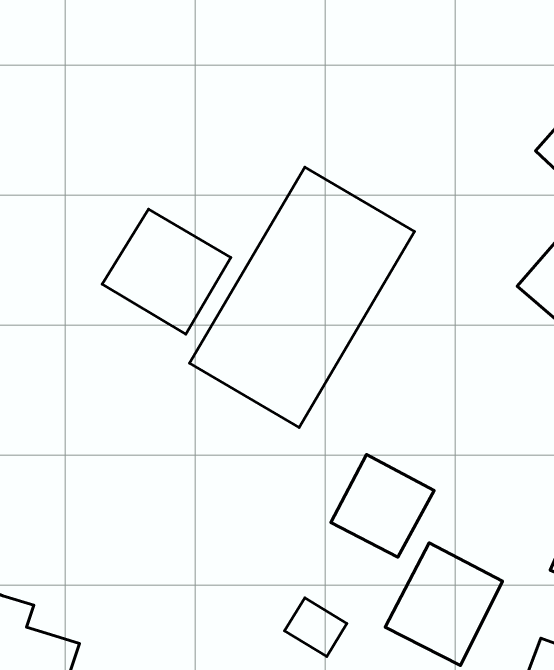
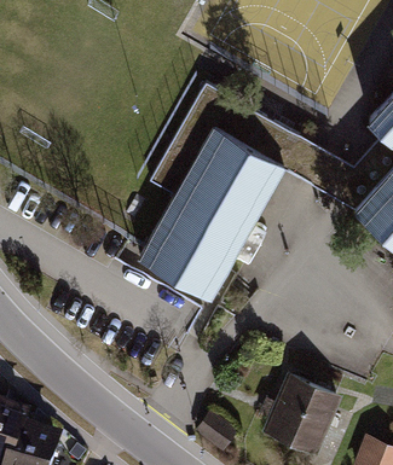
building: [102,209,231,334] -> none
building: [331,455,434,557] -> none

